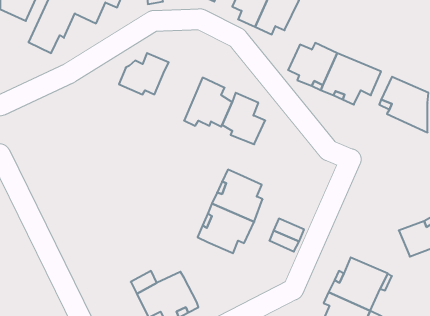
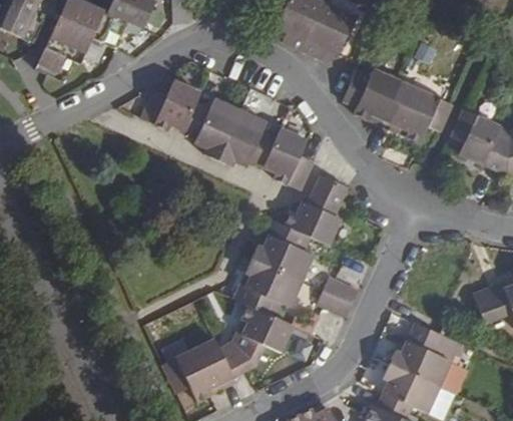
building: none -> [183,97,240,160]
building: none -> [285,173,347,245]
building: none -> [218,305,293,376]

